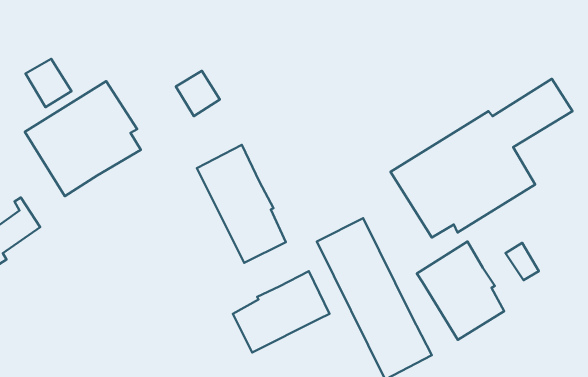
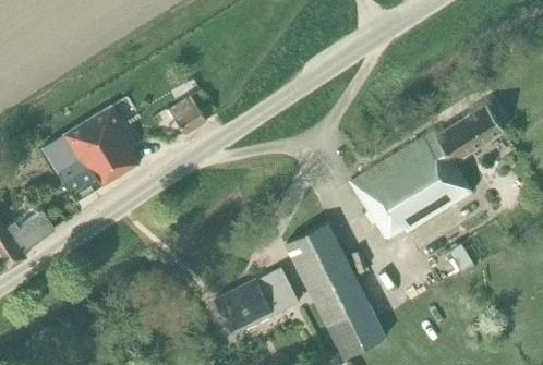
building: [26,59,71,107] -> none
building: [197,145,286,263] -> none
building: [417,242,504,340] -> none

